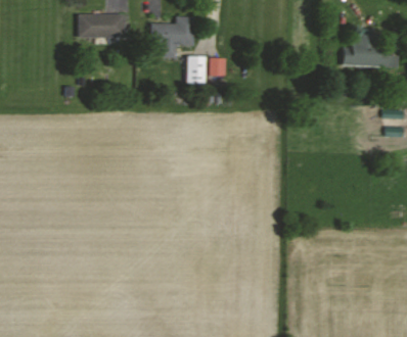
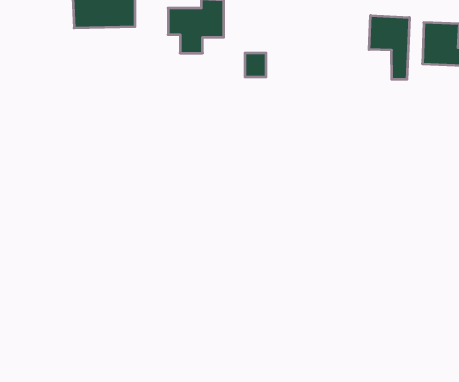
building: none -> [369,15,409,79]
building: [187,55,206,85] -> none

